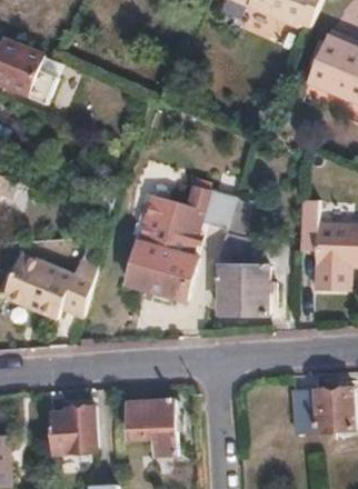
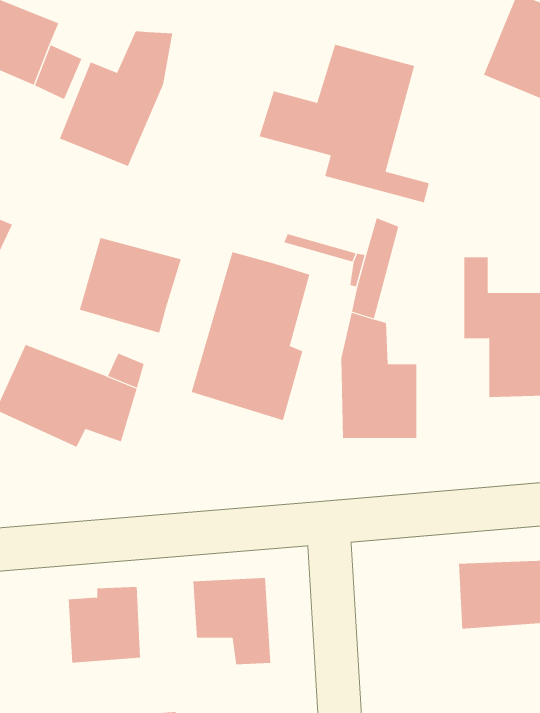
building: none -> [59,31,173,167]
building: none -> [259,44,430,203]
building: none -> [79,237,181,333]

